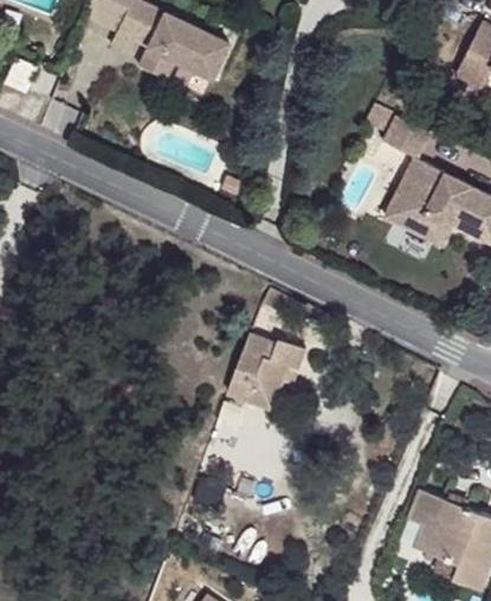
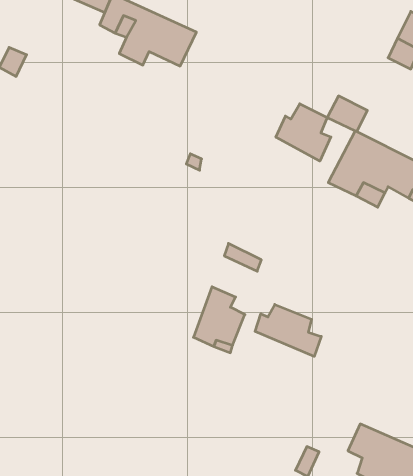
building: none -> [276,104,331,161]
building: none -> [255,304,321,356]

